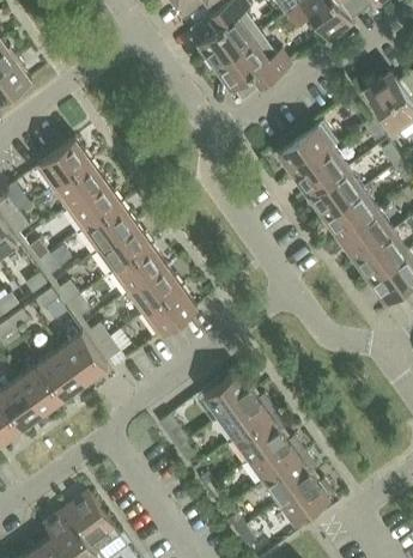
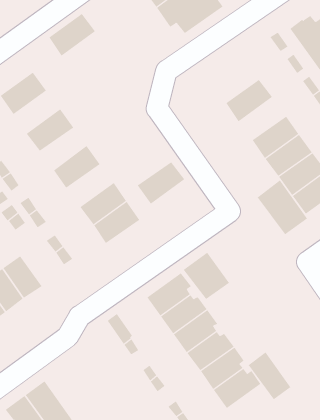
building: [277,121,338,175] -> none
building: [51,160,105,210] -> [48,13,96,56]
building: [308,168,363,217] -> none
building: [81,202,135,251] -> none
building: [111,244,166,293] -> [137,161,185,204]
building: none -> [257,179,308,235]
building: [60,333,107,383] -> none
building: none -> [183,252,230,300]
building: none -> [248,351,291,400]

